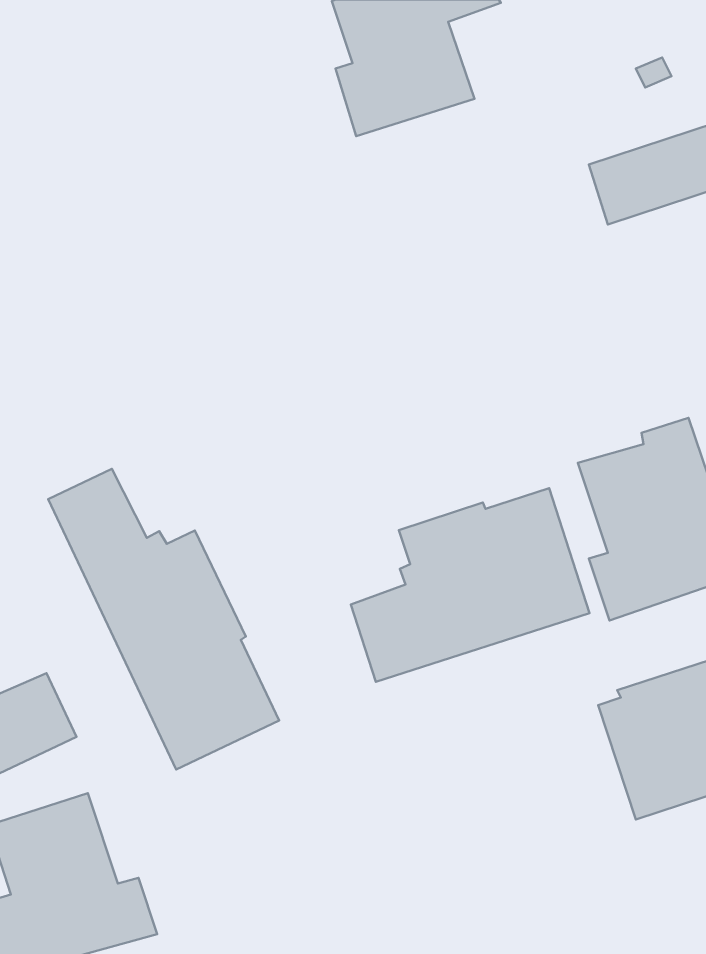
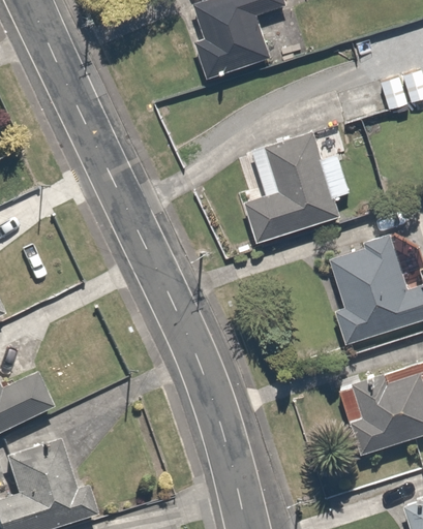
building: none -> [245,130,351,242]
building: [48,469,279,769] -> none
building: [351,488,590,682] -> none

